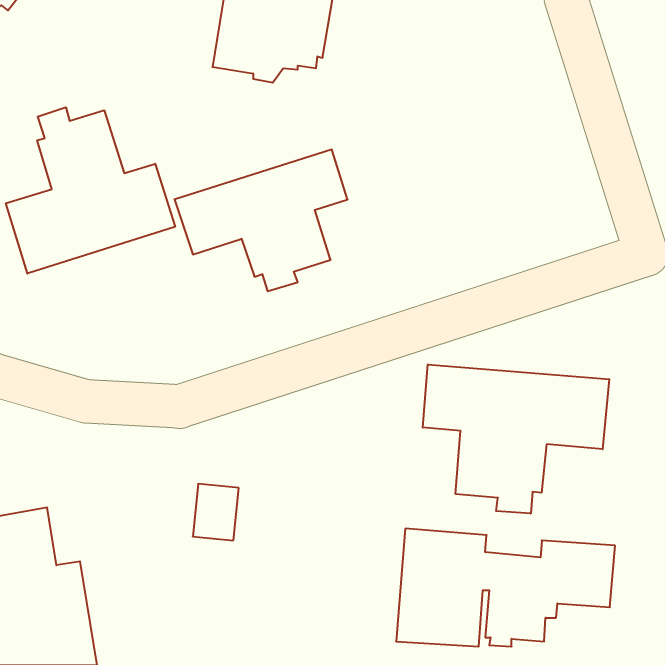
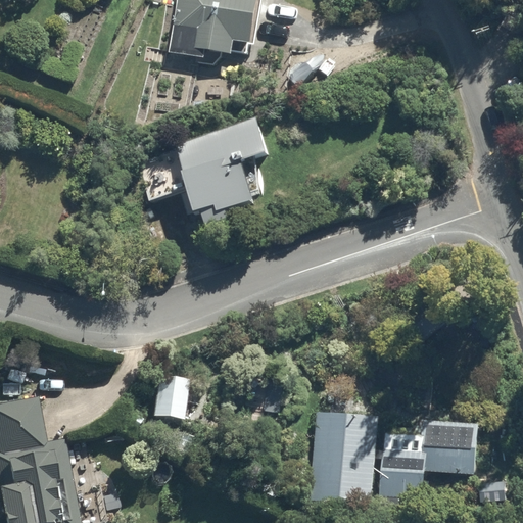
building: [6,107,175,274] -> none
building: [423,364,609,514] -> none

